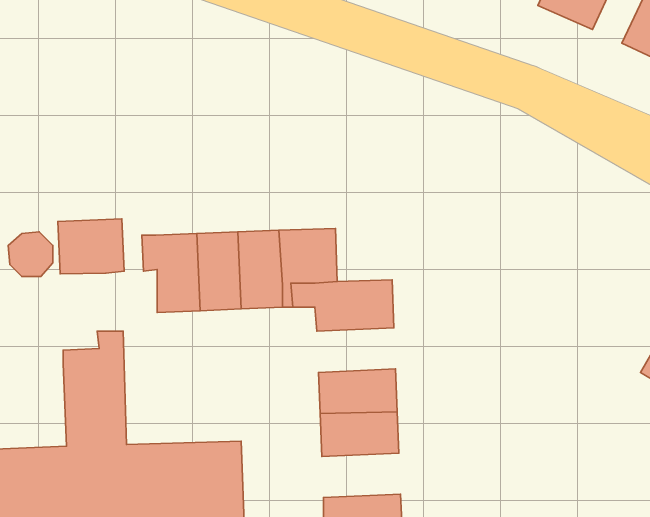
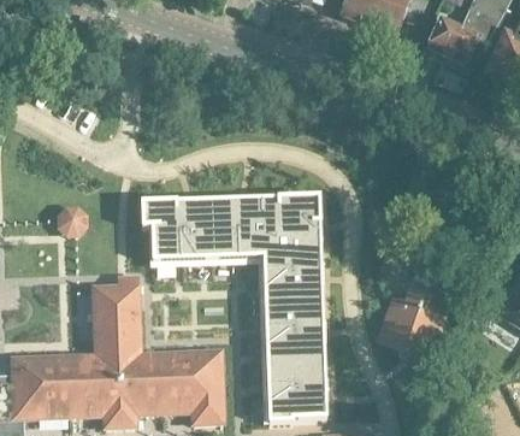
building: [58,219,124,274] -> none
building: none -> [283,200,323,240]
building: none -> [270,272,325,304]
building: none -> [379,294,443,357]
building: none -> [273,360,329,391]

